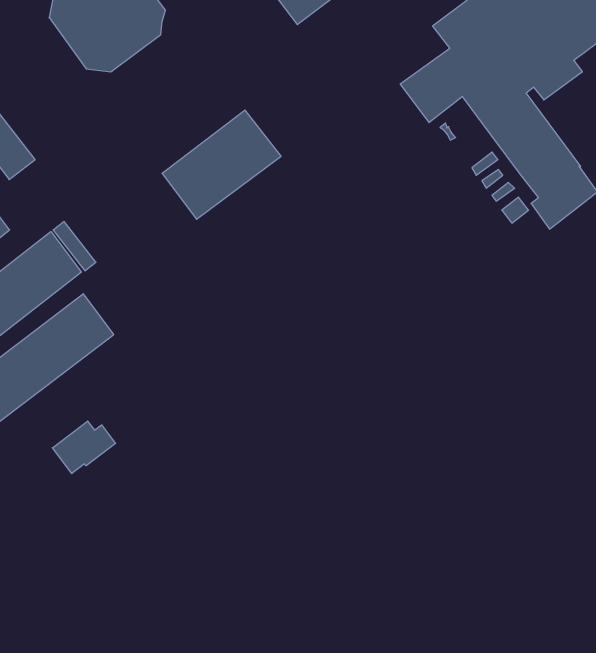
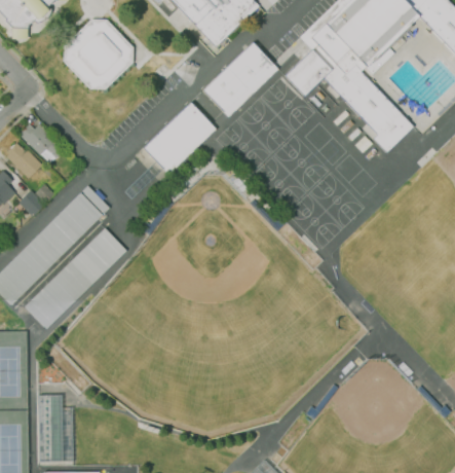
building: none -> [202,42,277,117]
building: [52,421,116,474] -> none

